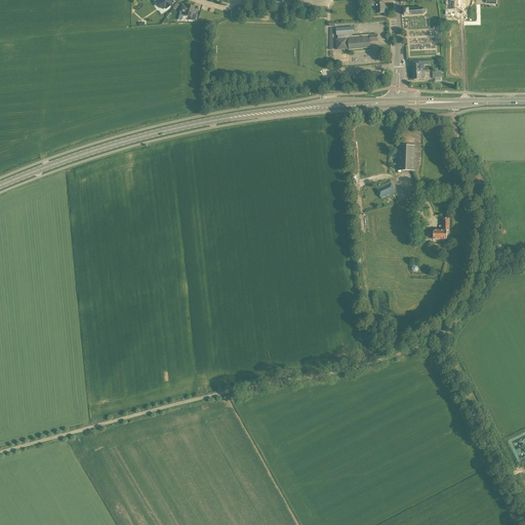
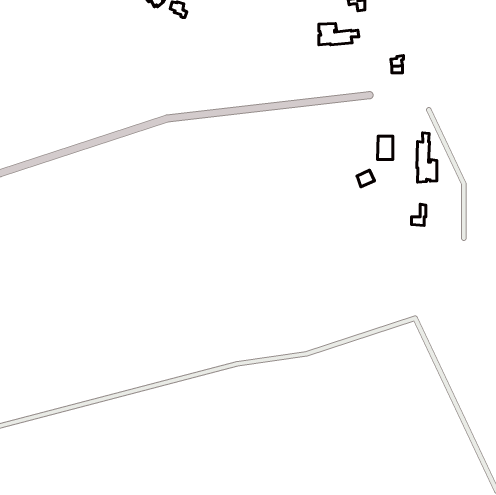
building: none -> [417,133,437,182]

